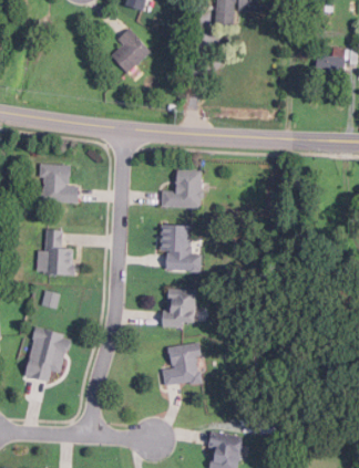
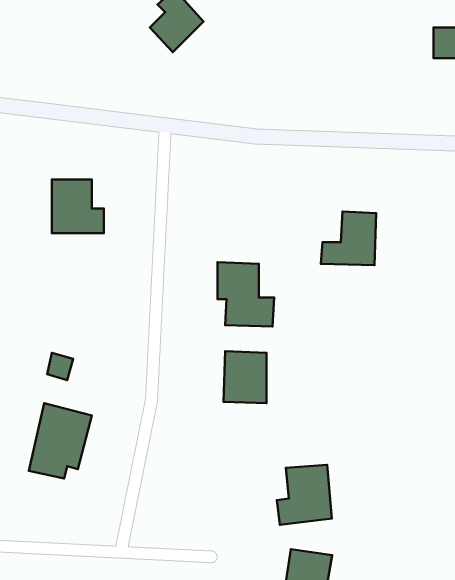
building: [161,169,201,208] -> [321,212,376,265]
building: [37,230,73,274] -> none
building: [162,343,202,386] -> [277,465,332,525]

